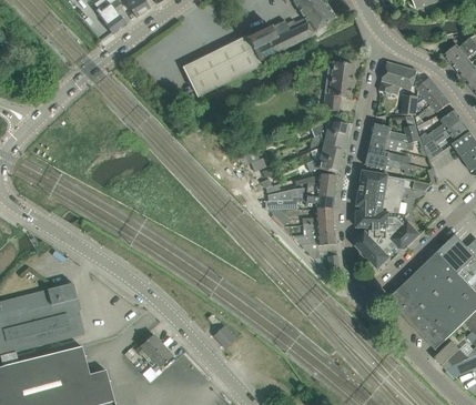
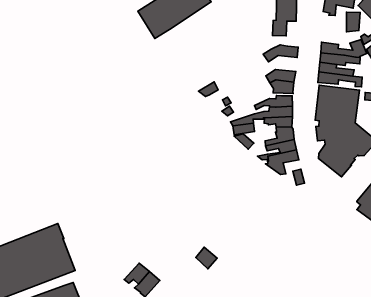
building: [310,131,346,150] -> none

